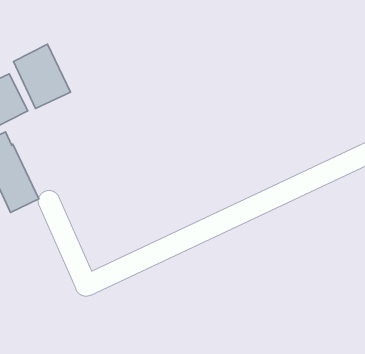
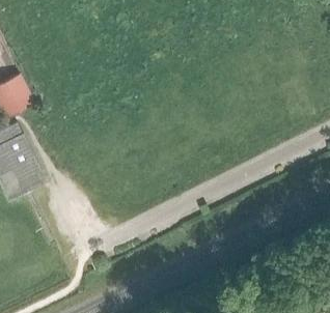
building: [13,44,71,108] -> none

